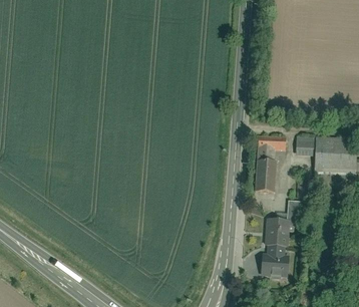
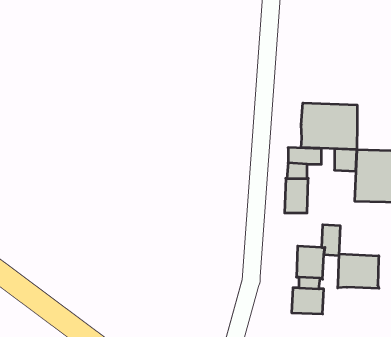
building: none -> [301,103,357,150]
building: none -> [338,254,379,288]

